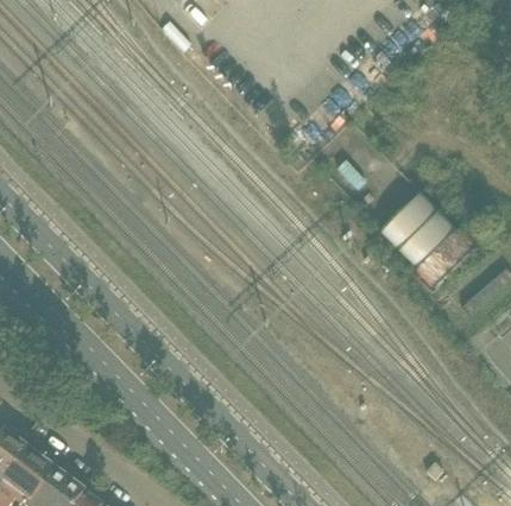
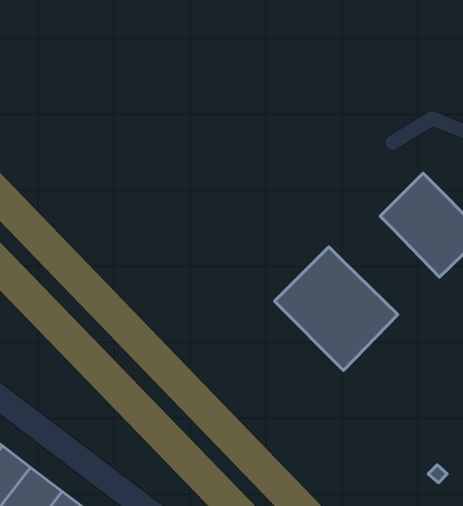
building: none -> [274,247,398,370]

